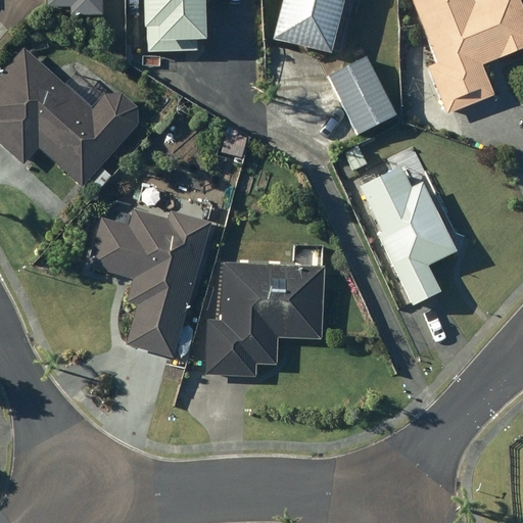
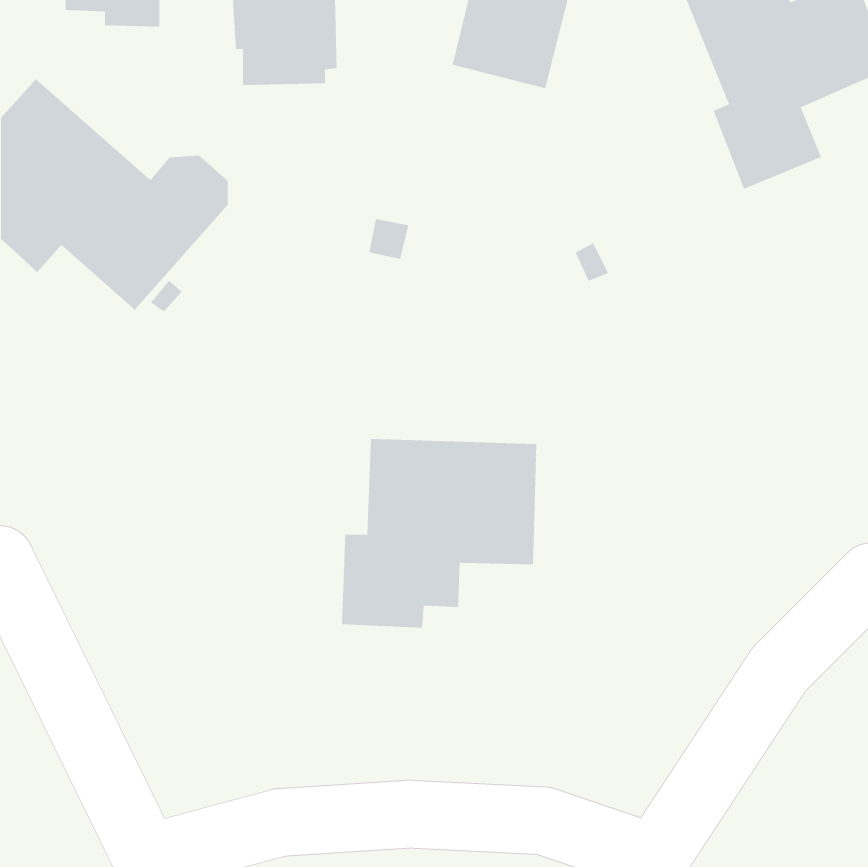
building: [330,56,396,133] -> none
building: [360,165,456,304] -> none
building: [87,209,212,358] -> none

